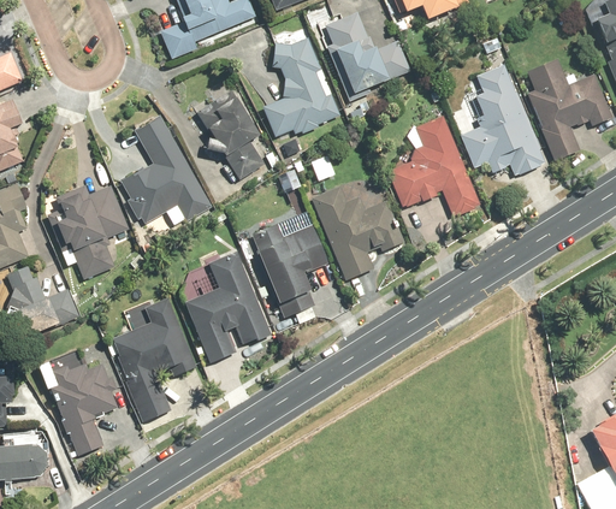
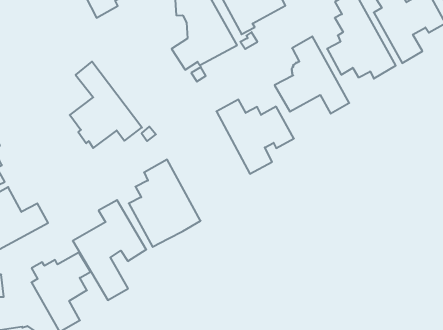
building: [199,91,266,180] -> none
building: [52,178,128,278] -> none
building: [249,223,327,324] -> none

